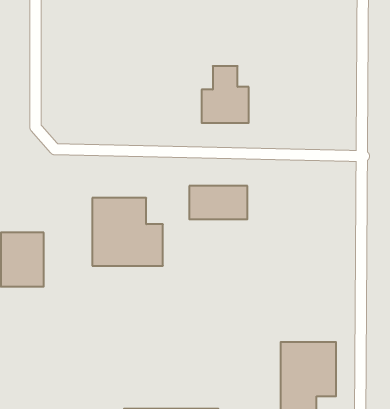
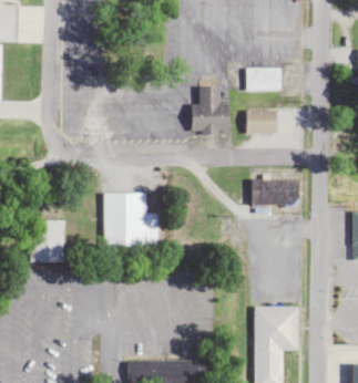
building: none -> [247,66,282,89]
building: none -> [247,107,277,132]
building: [189,186,247,219] -> [253,177,299,204]

